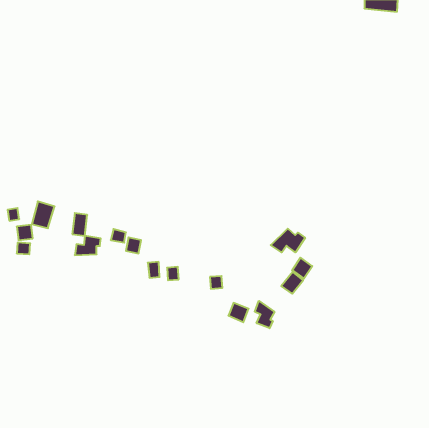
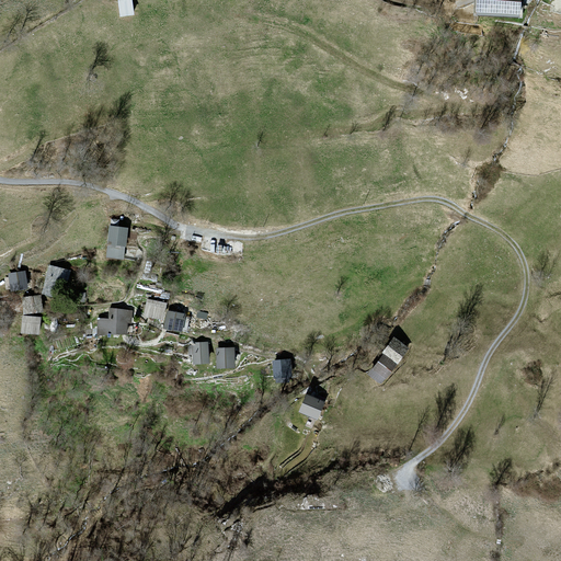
building: [72,213,87,236] -> [107,227,127,256]
building: [271,229,305,252] -> none
building: [255,301,274,328] -> none

